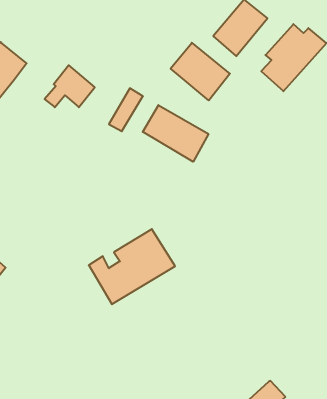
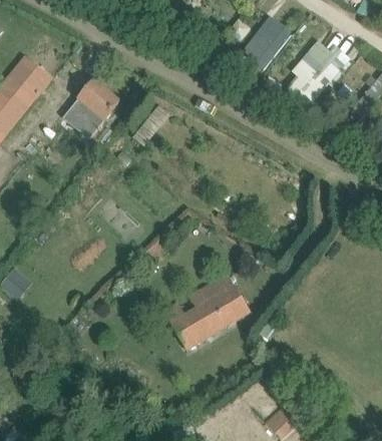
building: [171,43,230,100] -> none
building: [143,105,208,162] -> none
building: [89,229,175,304] -> [163,274,250,349]

